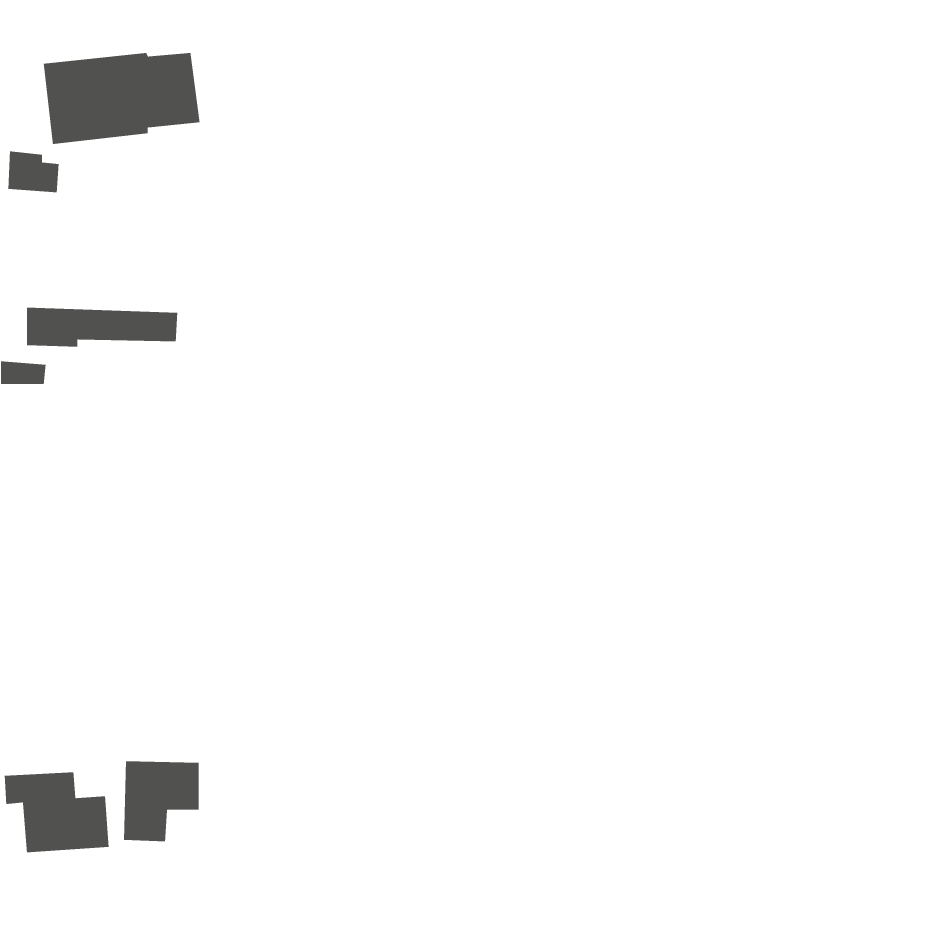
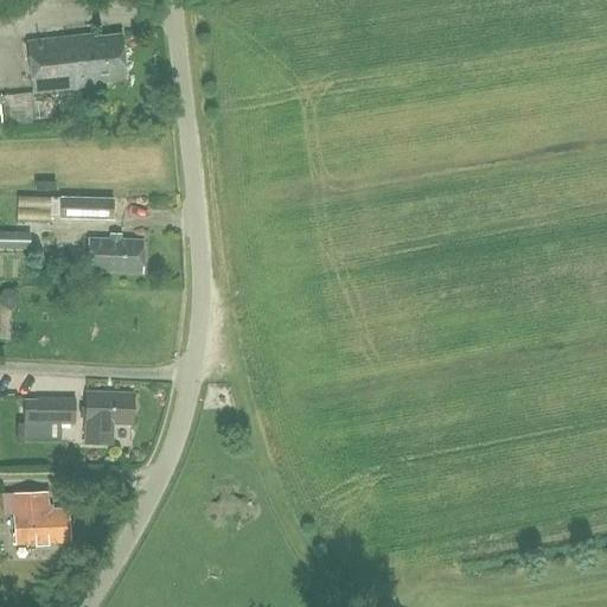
building: none -> [87,237,145,273]
building: none -> [24,398,75,423]
building: [123,760,199,842] -> [85,391,134,443]

